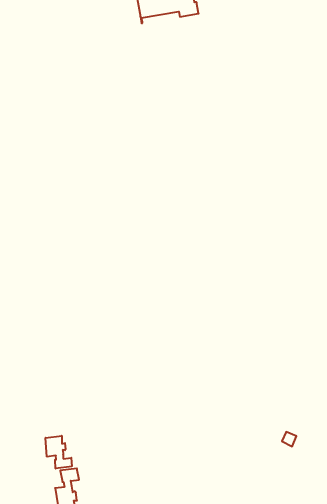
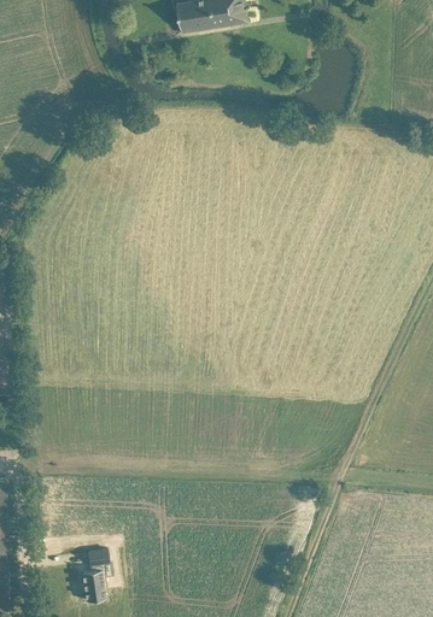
building: [46,436,72,469] -> none

